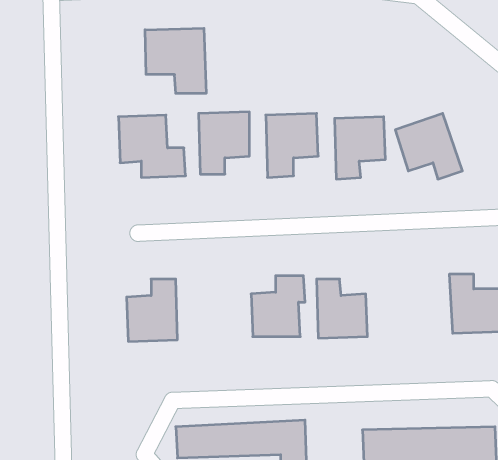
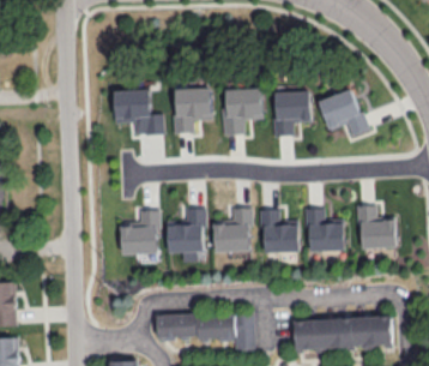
building: [145,28,206,93] -> none
building: none -> [167,208,204,263]
building: none -> [306,208,343,252]

